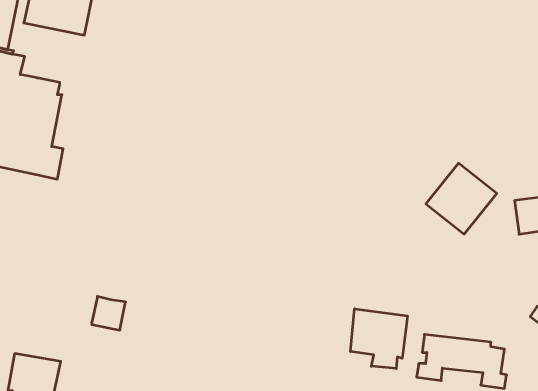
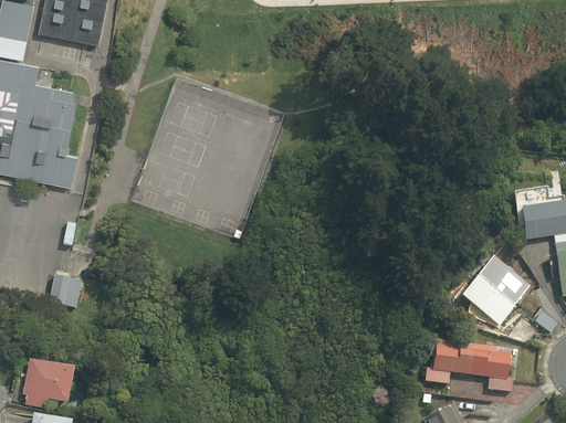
building: [426,163,497,234] -> [460,256,530,326]
building: [92,296,126,330] -> [48,275,81,308]
building: [351,309,407,369] -> none

